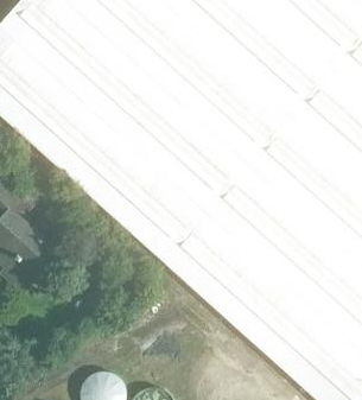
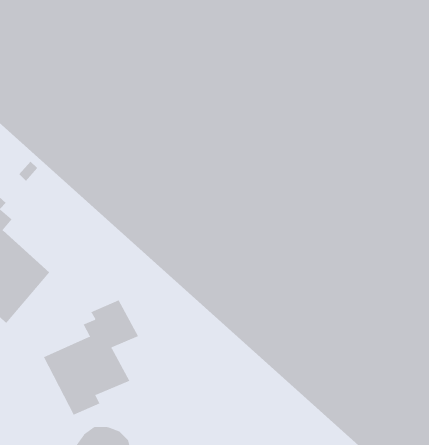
building: none -> [43,299,139,416]

